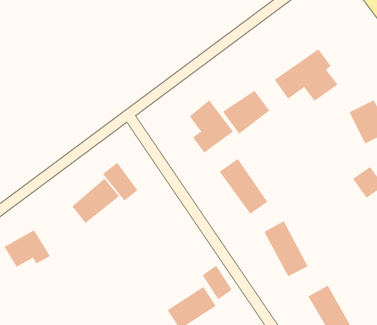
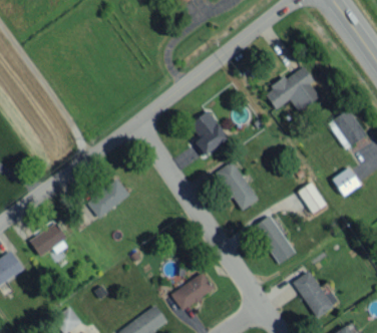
building: [222,90,270,134] -> none
building: [102,162,138,202] -> none
building: none -> [299,183,326,213]
building: [202,265,233,300] -> none

